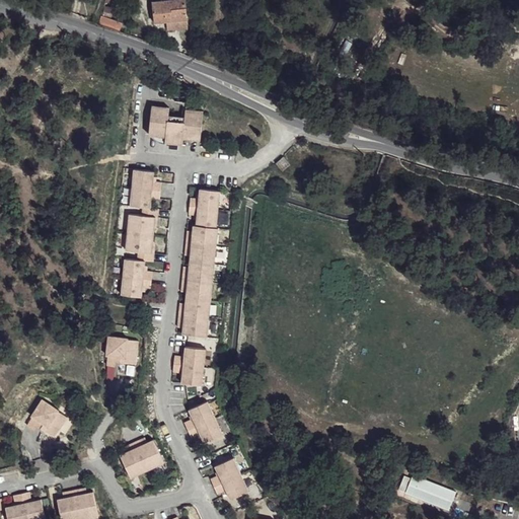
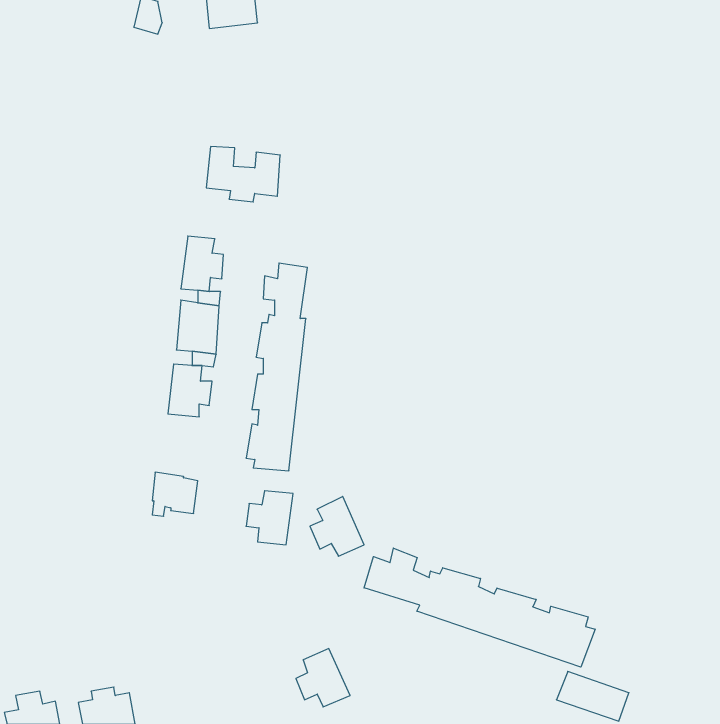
building: none -> [364,548,595,667]
building: [26,399,67,438] -> none
building: [186,404,224,447] -> [310,496,364,556]
building: [120,441,164,480] -> none

